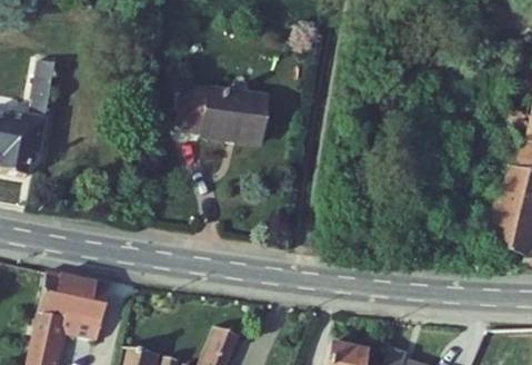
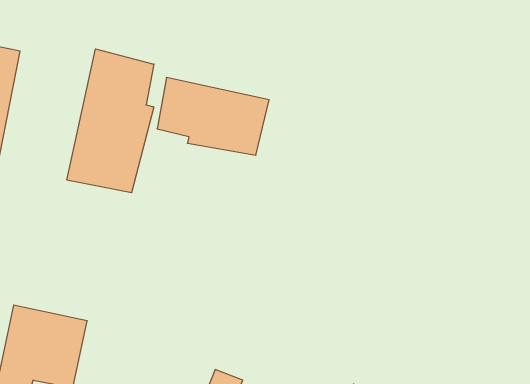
building: none -> [67,49,154,193]

